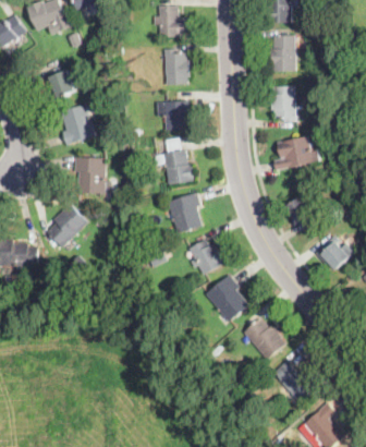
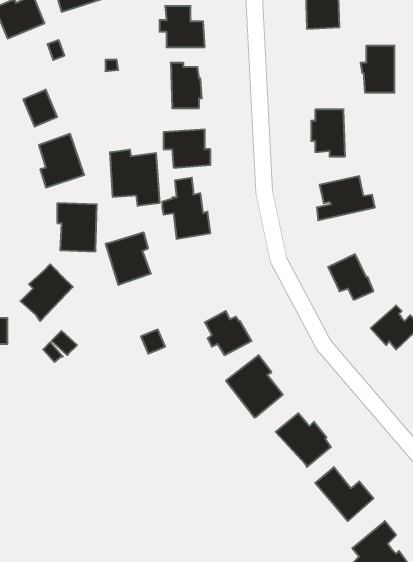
building: [269,35,295,71] -> [361,46,395,93]
building: none -> [110,149,159,206]
building: [167,193,202,233] -> [106,232,151,285]

